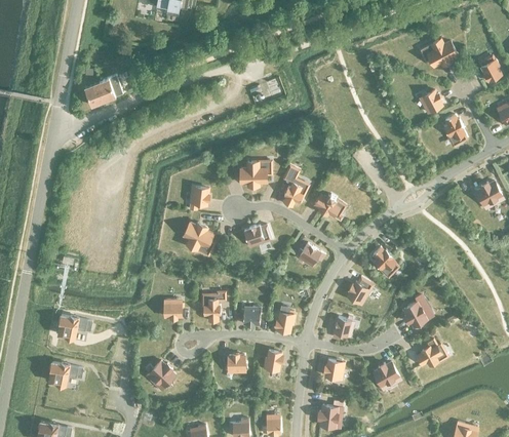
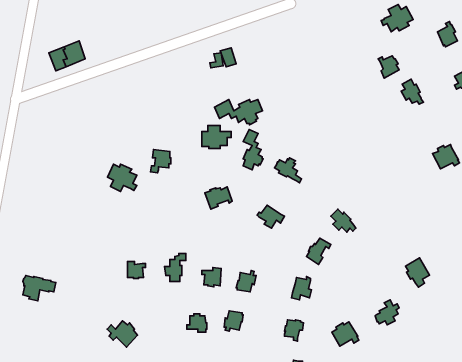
building: none -> [215,100,263,125]
building: [183,222,212,249] -> [108,164,137,191]
building: [402,301,427,330] -> [405,258,430,287]
building: [48,361,82,386] -> none

